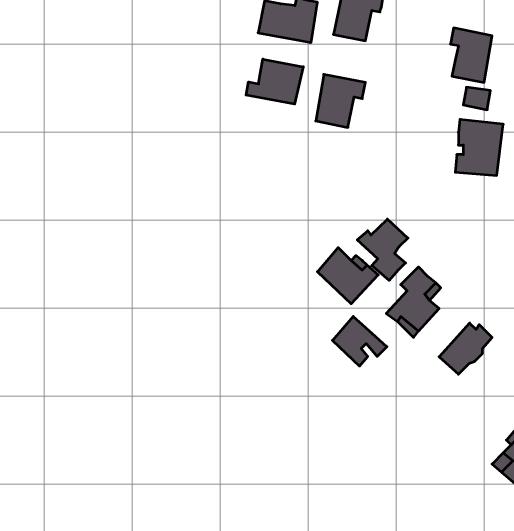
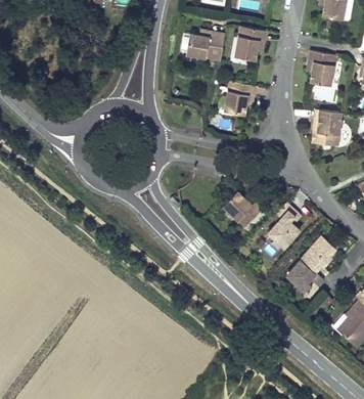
building: [246,59,303,104] -> none
building: [357,219,408,280] -> none
building: [332,316,387,366] -> [288,262,323,294]

